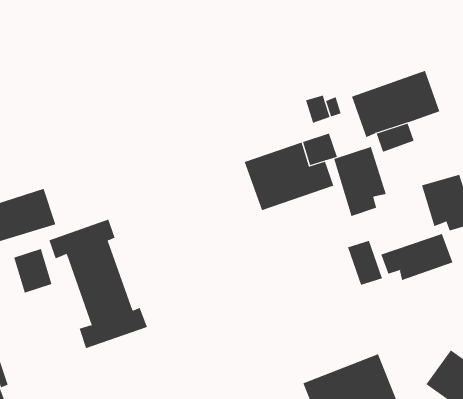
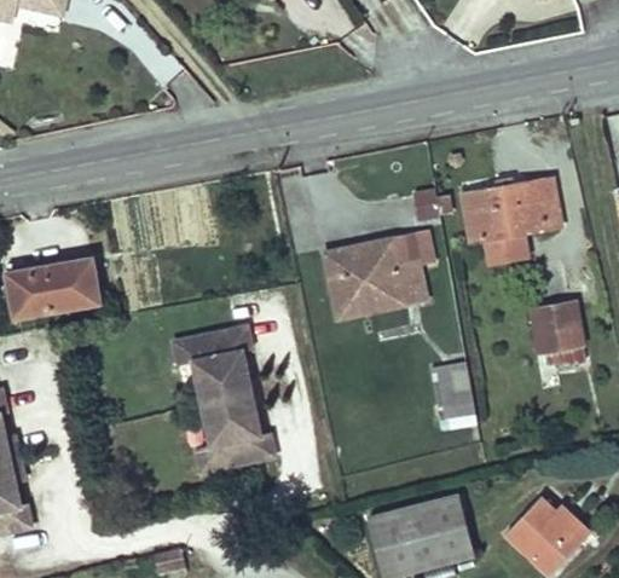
building: [334,146,386,217] -> none
building: [49,219,148,349] -> [174,325,276,472]
building: [380,233,453,281] -> none
building: [13,248,52,294] -> none

